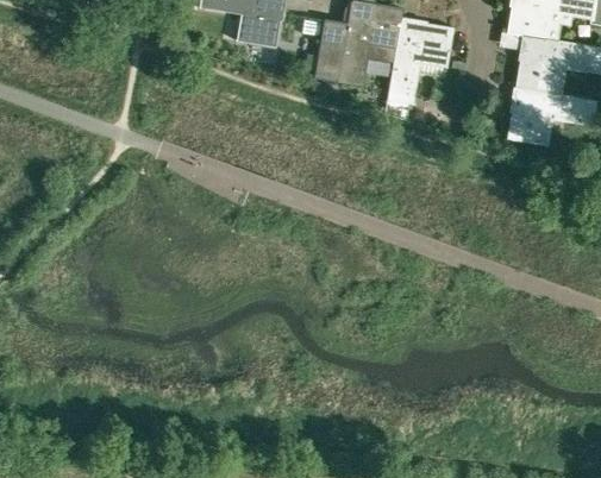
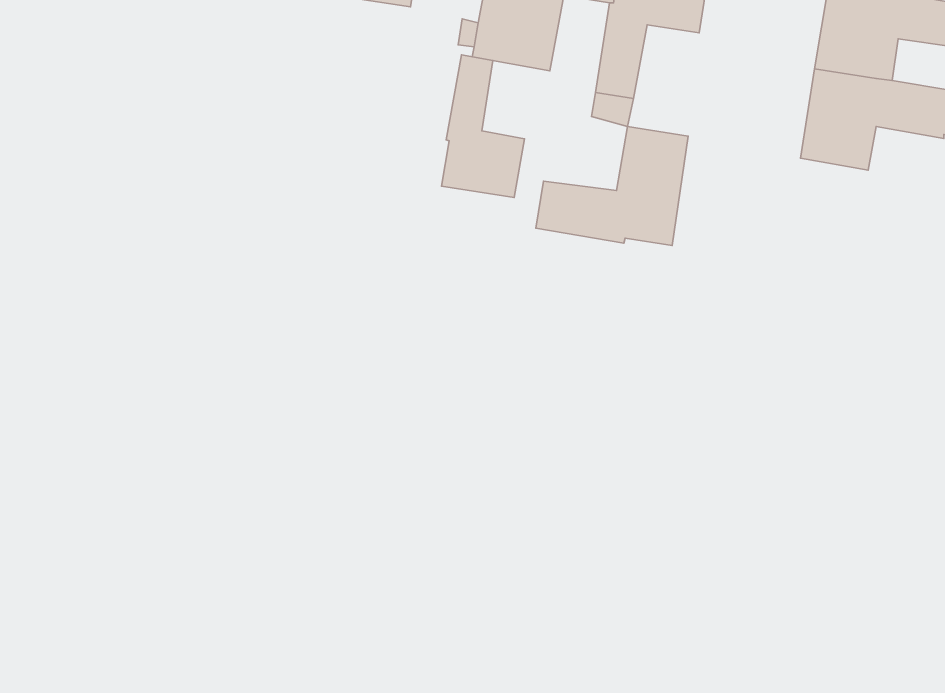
building: none -> [441,55,525,197]
building: none -> [536,126,688,246]

